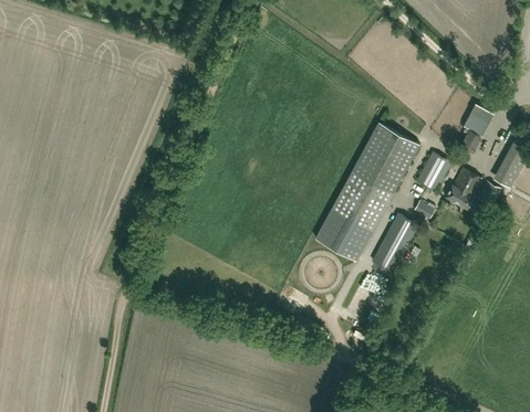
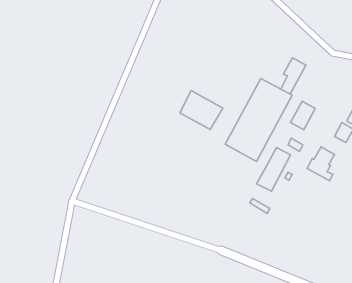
building: [459,105,492,154] -> [281,58,306,94]
building: [444,169,480,214] -> [307,147,334,181]
building: [313,210,371,262] -> [180,91,223,130]

